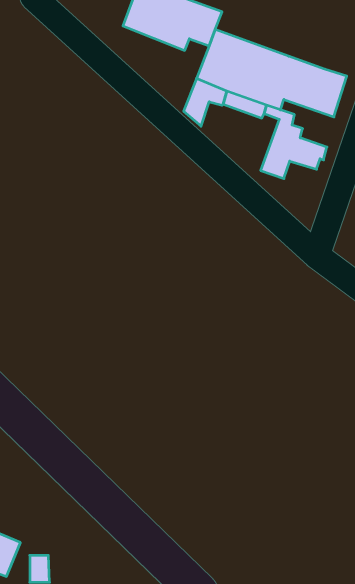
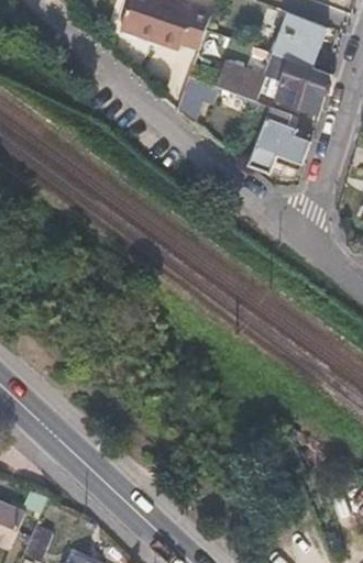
building: none -> [275,15,322,67]

